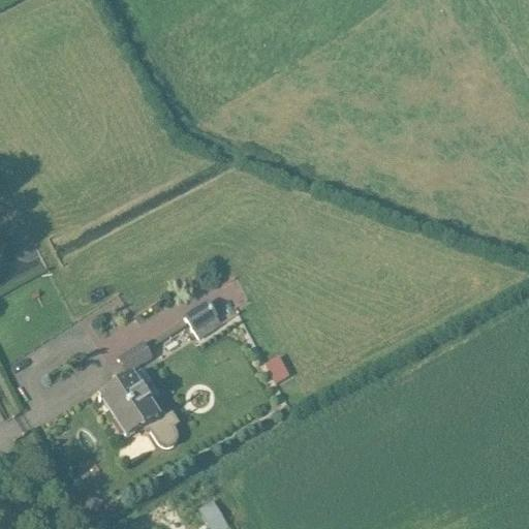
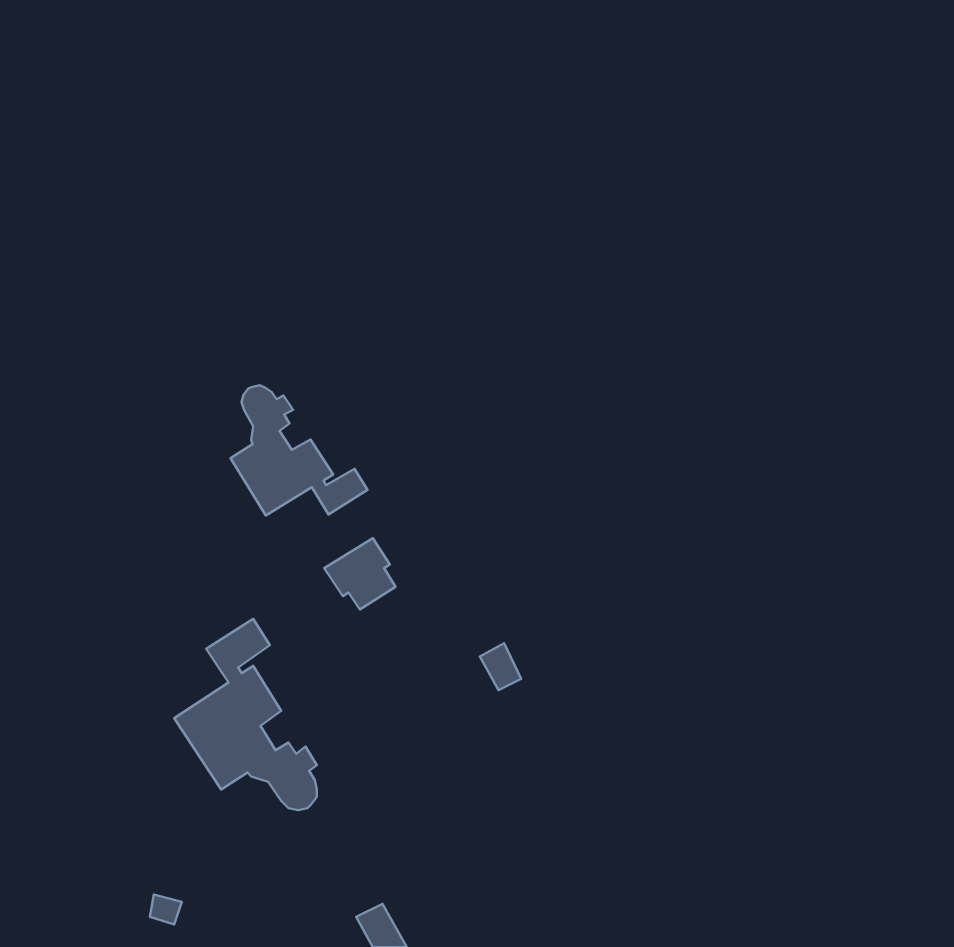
building: none -> [230,385,368,516]

